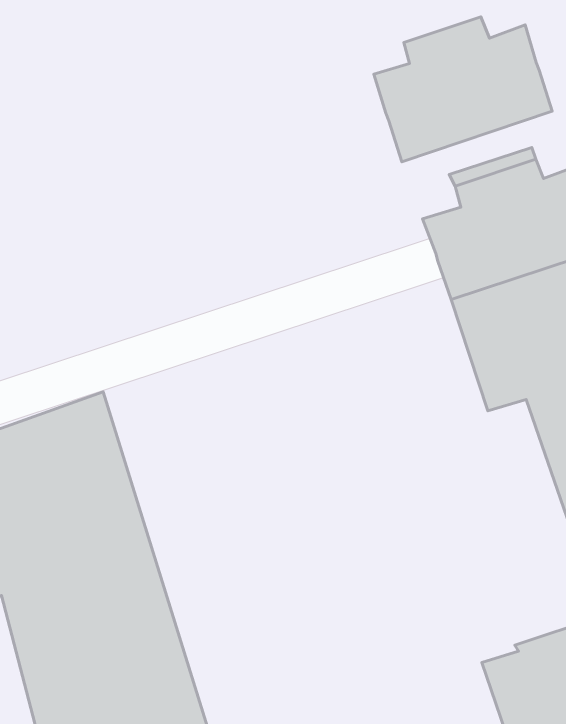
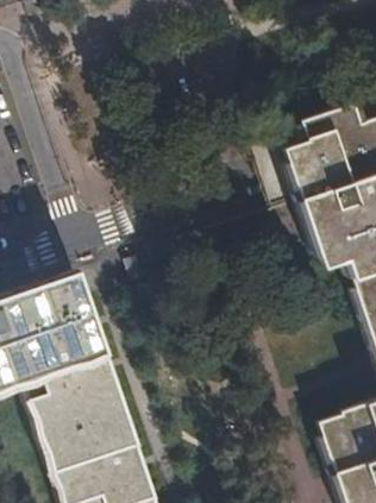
building: [374,17,552,162] -> none

